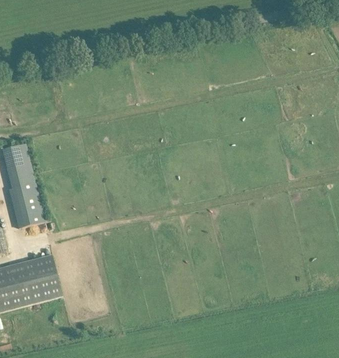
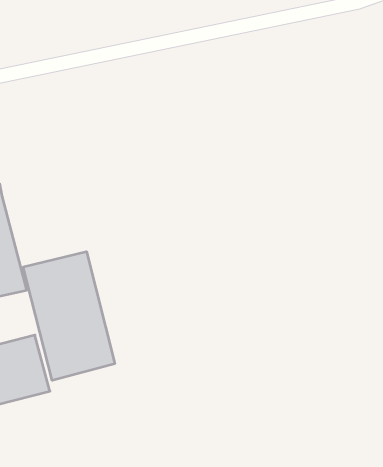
building: none -> [23,252,115,380]

